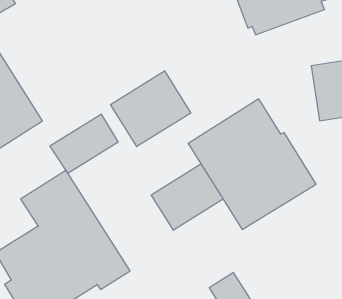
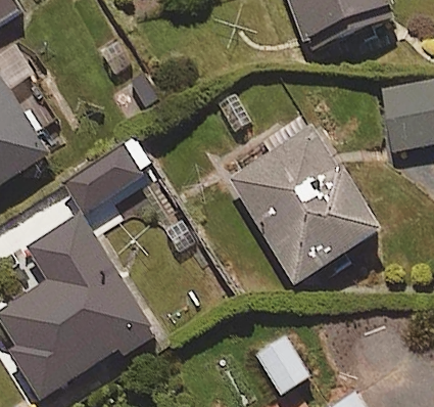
building: [111,71,191,147] -> none
building: [151,164,223,230] -> none

